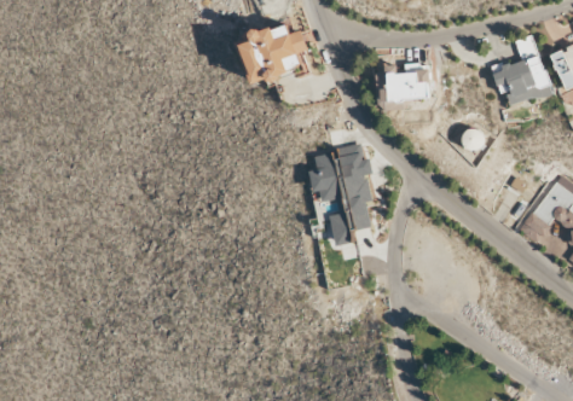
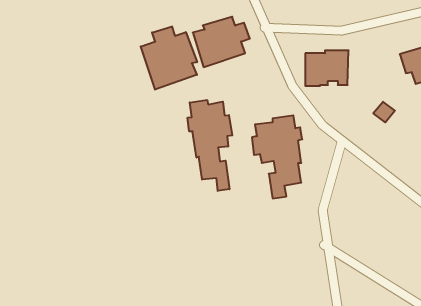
building: none -> [141,26,197,90]
building: none -> [188,100,232,191]

